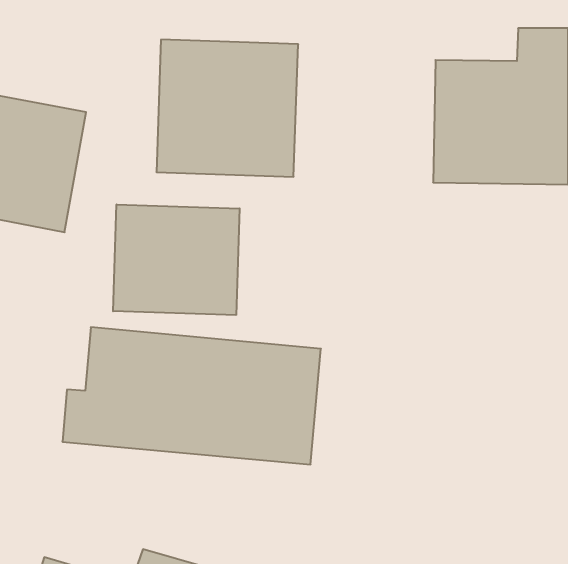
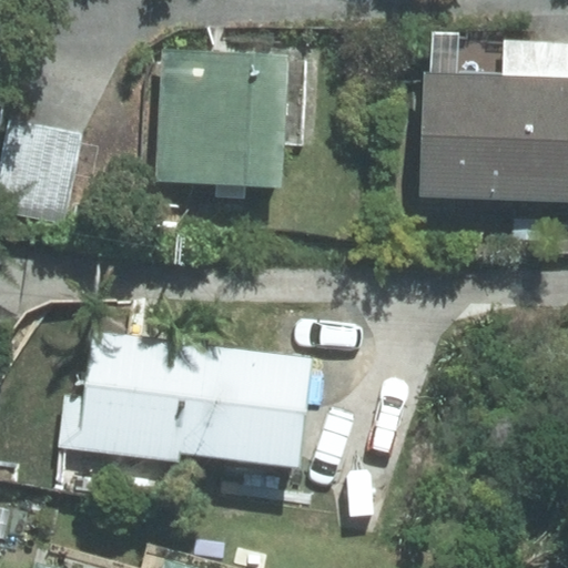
building: [113,204,240,315] -> none

